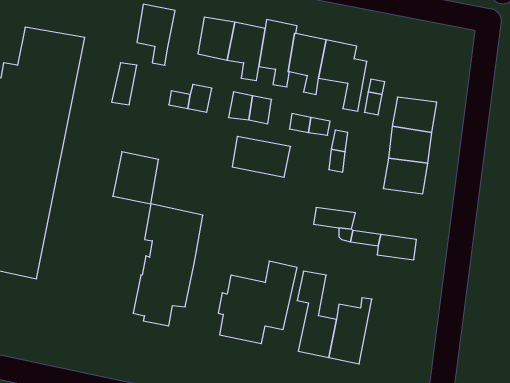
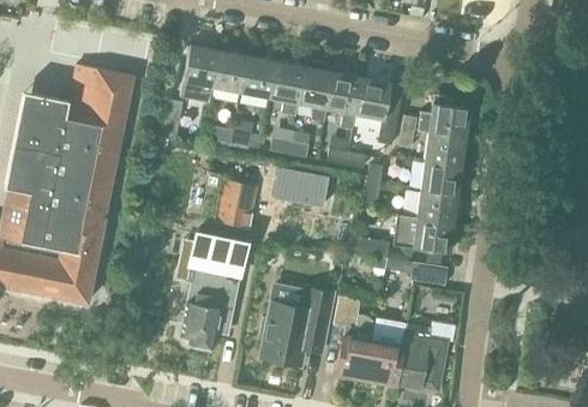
building: none -> [210,50,245,91]
building: none -> [416,95,468,137]
building: [113,152,159,204] -> [212,179,256,228]
building: none -> [391,214,451,253]
building: none -> [391,323,446,393]

